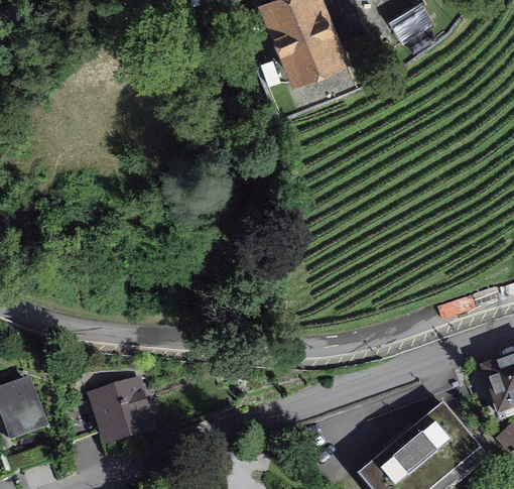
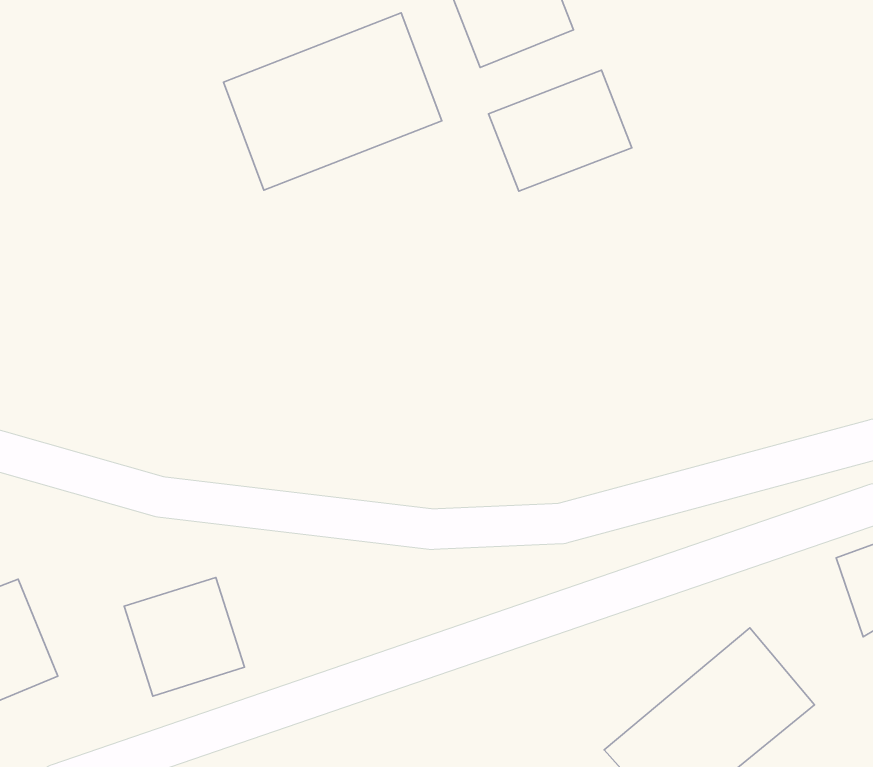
building: none -> [223,13,442,190]
building: none -> [489,70,632,191]

